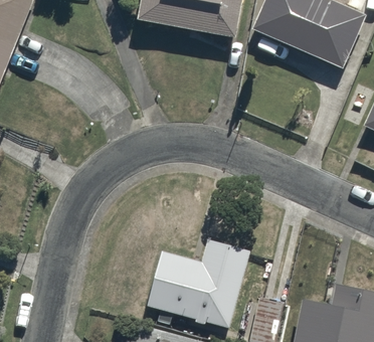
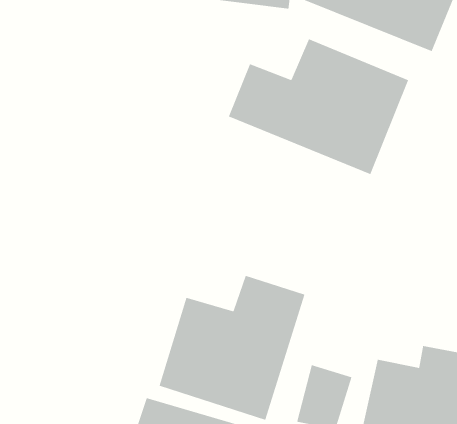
building: none -> [228,38,409,175]

